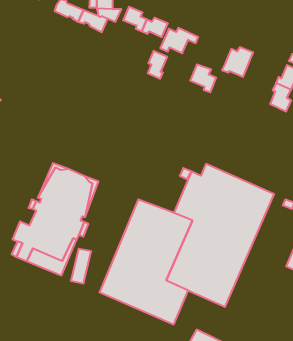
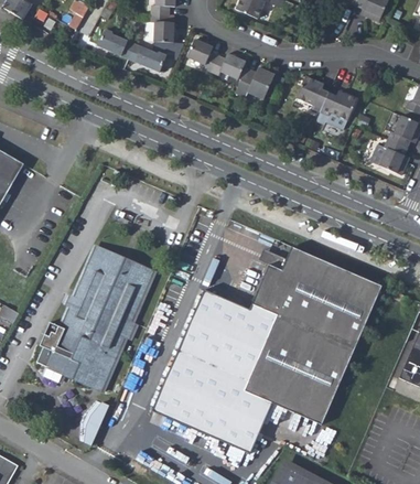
building: [148,51,167,79] -> none
building: [190,64,216,92] -> [292,77,326,114]
building: [71,249,91,283] -> [79,399,106,444]

